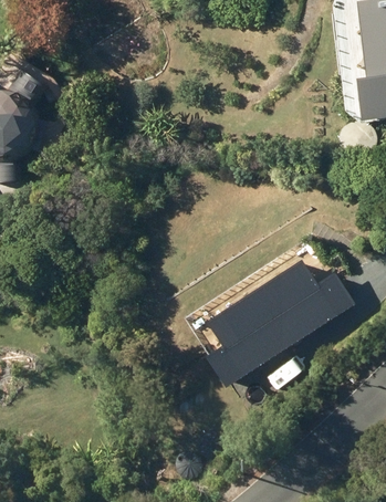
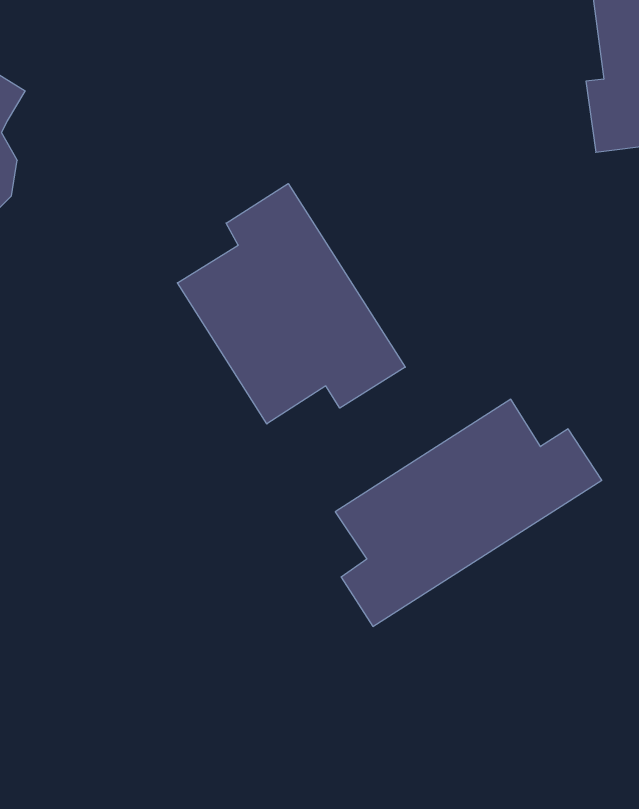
building: none -> [177,184,405,424]

